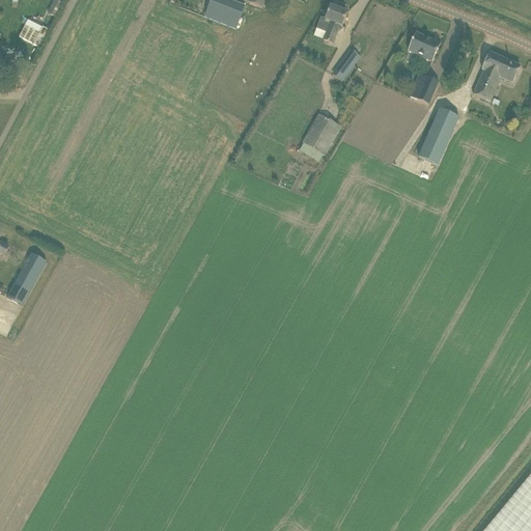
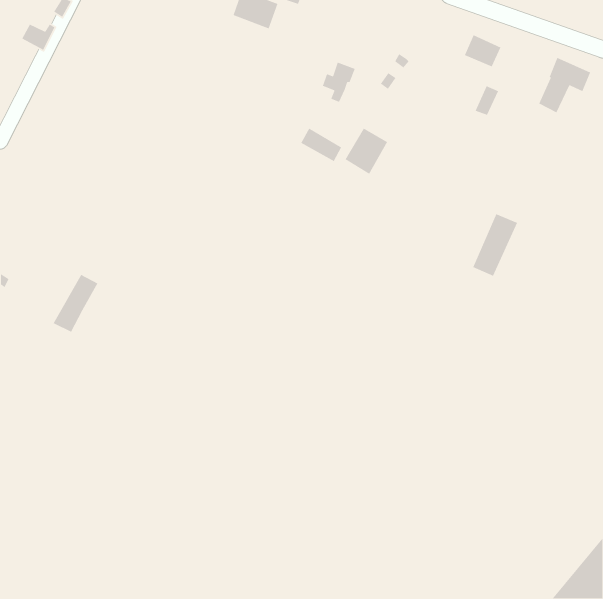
building: [316,4,346,40] -> [322,61,356,103]
building: [419,107,459,163] -> [472,213,518,277]
building: none -> [300,128,342,162]
building: [6,251,47,303] -> [53,274,99,333]

